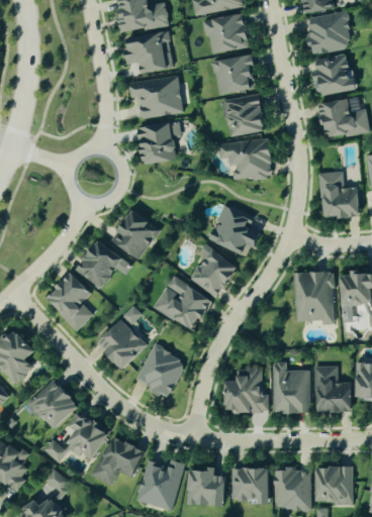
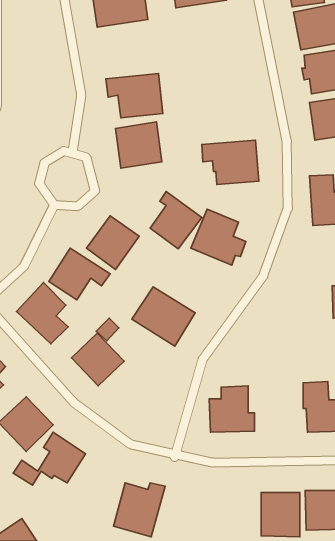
building: [202,15,248,51] -> none
building: [124,31,170,73] -> none
building: [212,55,255,94] -> none
building: [223,94,265,136] -> none
building: [190,243,239,297] -> [150,192,202,249]
building: [294,271,335,324] -> none
building: [134,344,186,398] -> none
building: [271,361,309,413] -> none
building: [93,435,145,485] -> none
building: [230,468,269,504] -> none
building: [42,469,68,497] -> none
building: [186,469,225,505] -> none

